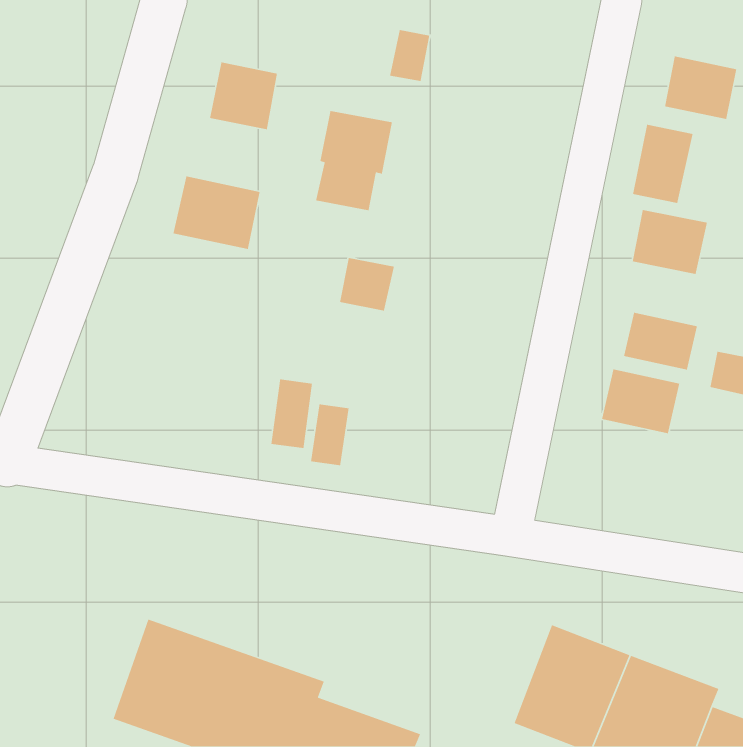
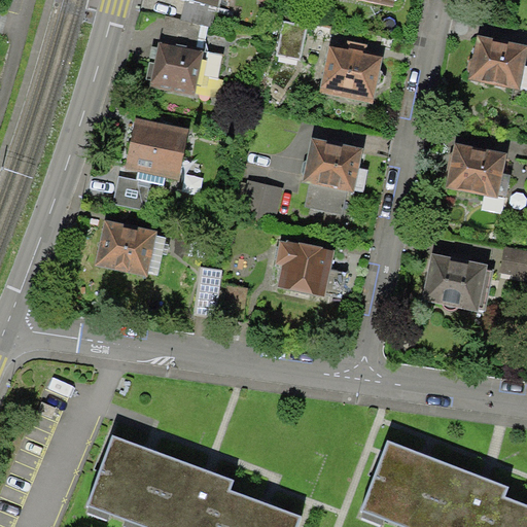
building: none -> [324,46,380,98]
building: [315,110,393,211] -> [304,142,358,213]
building: [632,124,693,204] -> none
building: none -> [111,175,149,212]
building: [623,312,698,370] -> none
building: none -> [96,224,168,275]
building: none -> [282,245,345,296]

